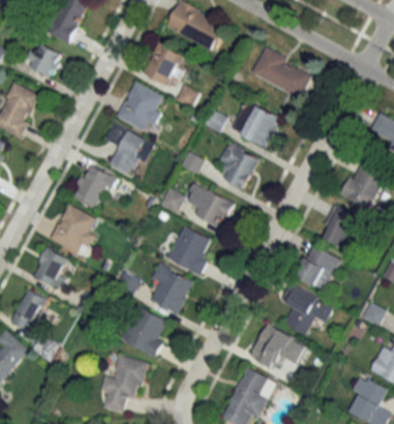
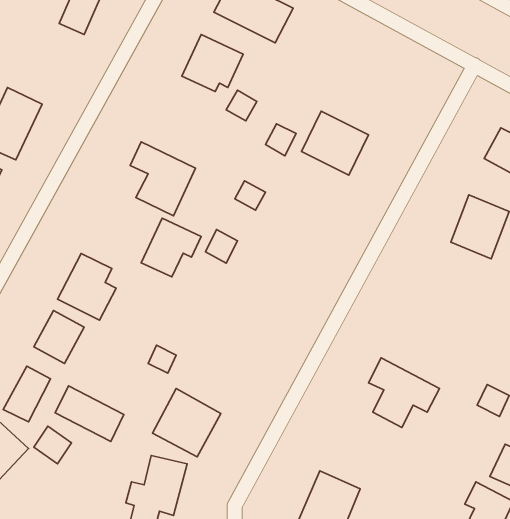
building: [24,41,61,78] -> none
building: [250,48,312,98] -> none
building: [117,81,165,128] -> none
building: [217,142,257,188] -> none
building: [71,163,116,207] -> [141,218,201,277]
building: [190,186,234,228] -> none
building: [319,206,361,248] -> none
building: [166,225,214,273] -> none
building: [296,245,340,290] -> none
building: [151,265,192,313] -> none
building: none -> [55,386,124,442]
building: [249,324,307,369] -> none

